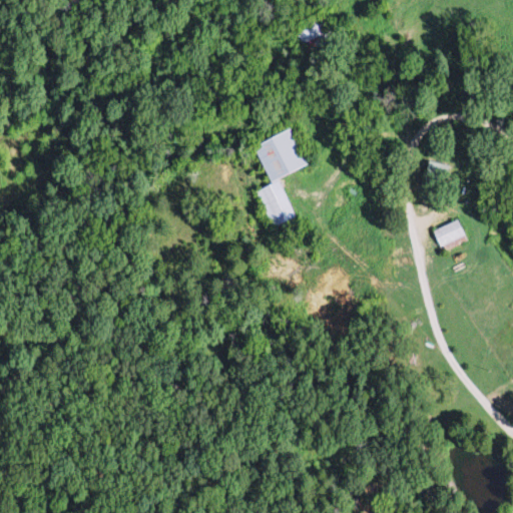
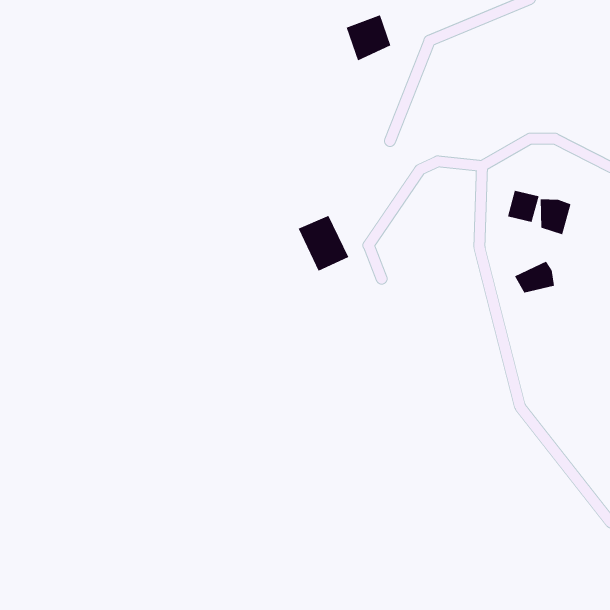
building: [255,127,311,183] -> none
building: none -> [540,199,571,235]

